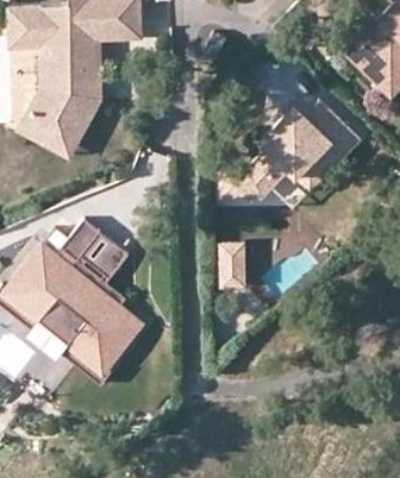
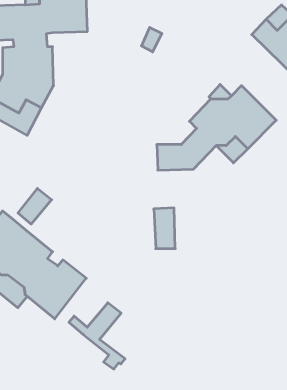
building: [55,234,120,312] -> [69,303,125,369]

